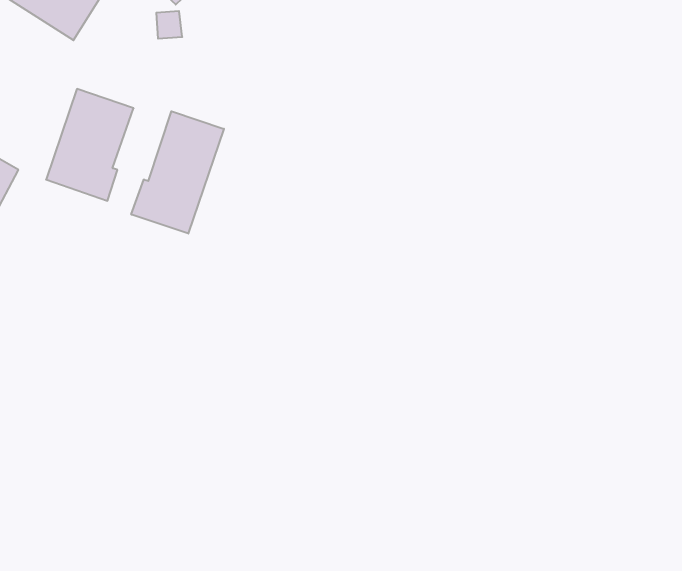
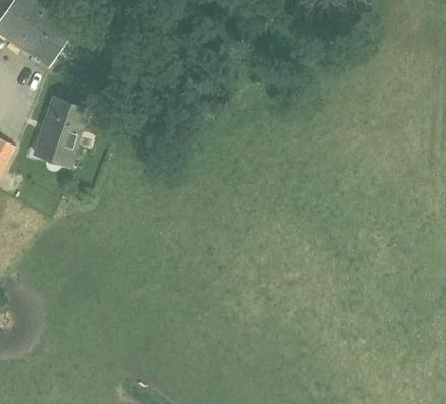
building: [131,111,224,234] -> none

